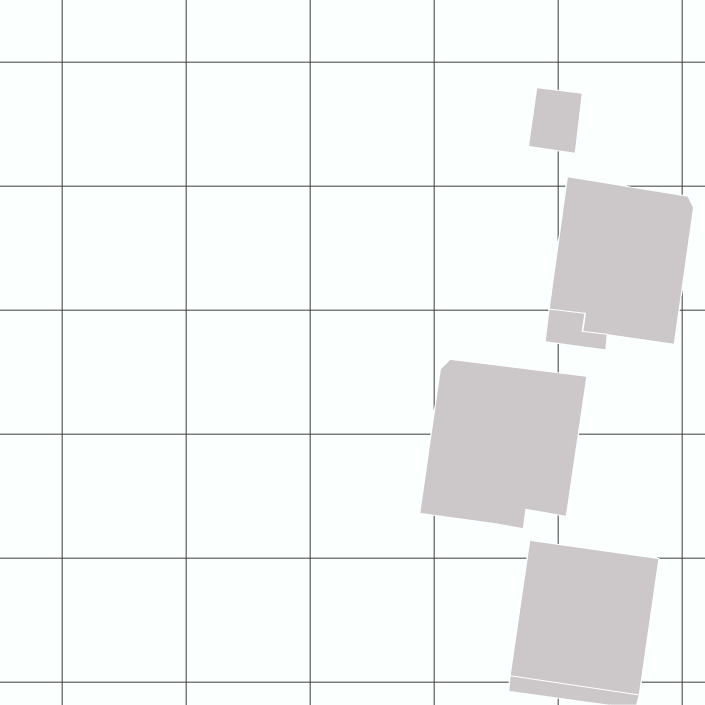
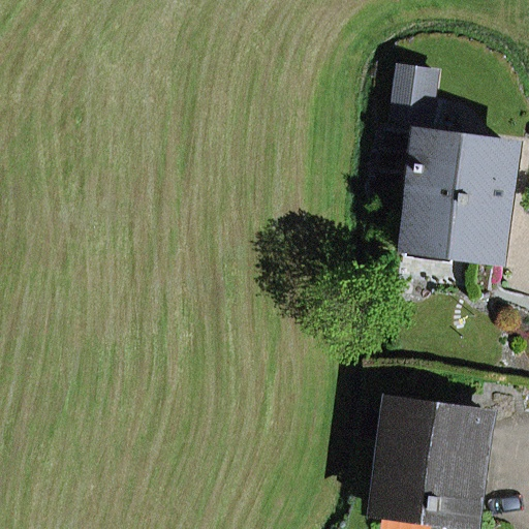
building: [420,359,587,529] -> none

